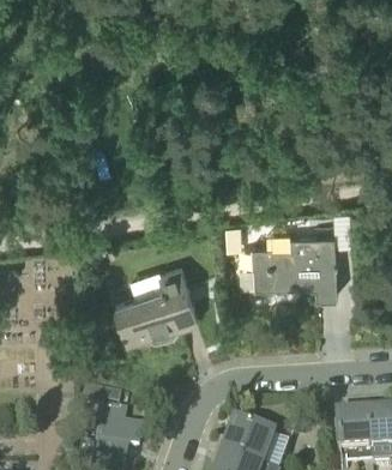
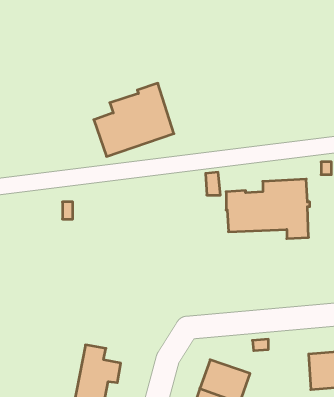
building: [114,263,198,339] -> [94,83,174,156]

